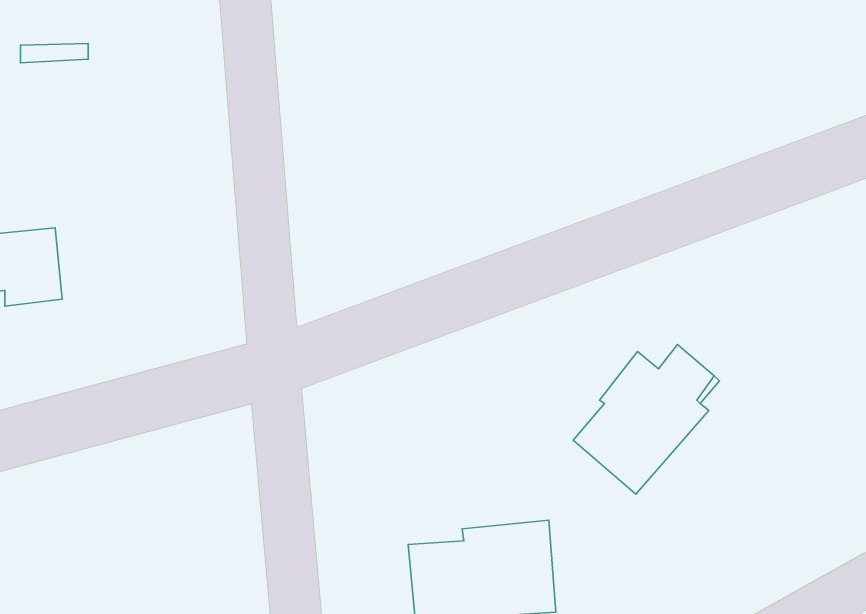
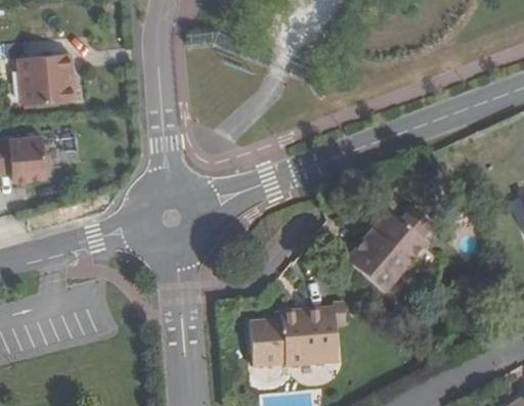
building: none -> [19,53,77,105]

